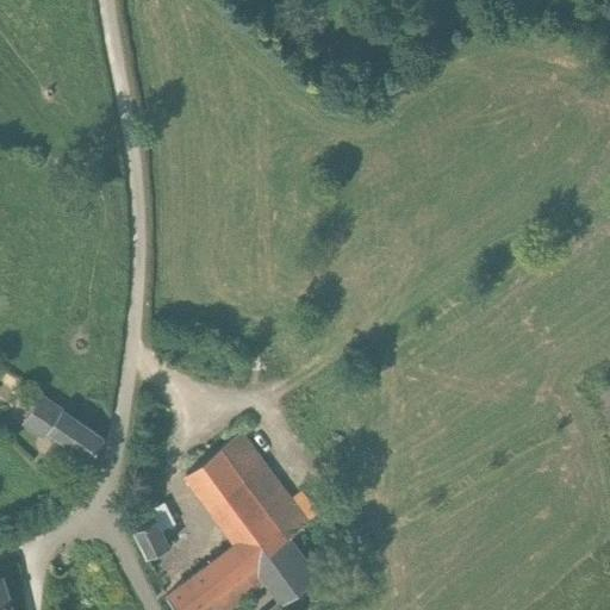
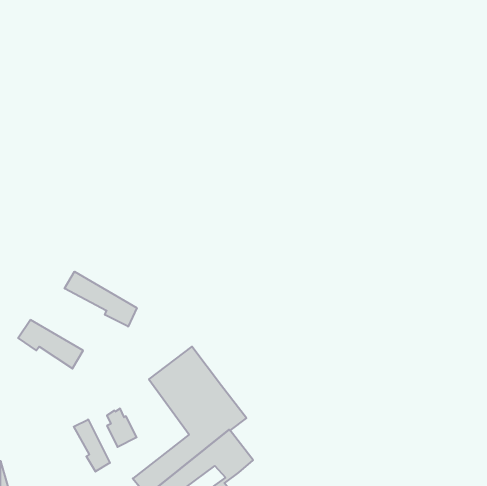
building: none -> [65,272,137,327]
building: none -> [74,419,110,472]

